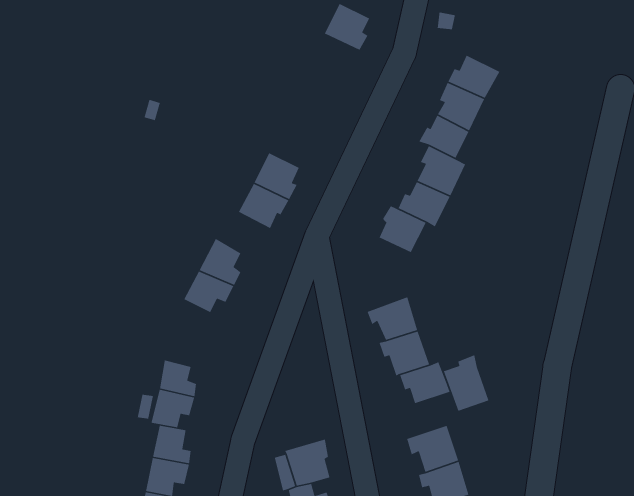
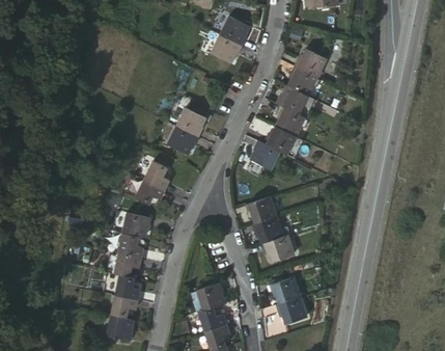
building: none -> [208,37,240,64]
building: none -> [121,213,150,240]
building: [443,354,489,412] -> none

